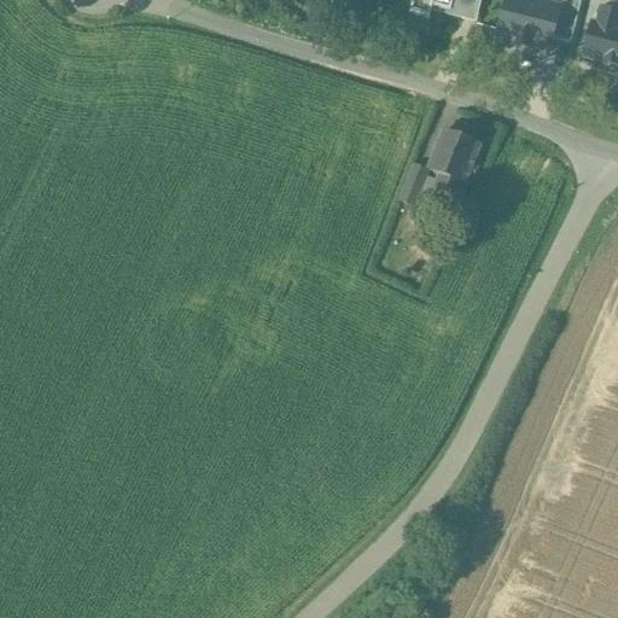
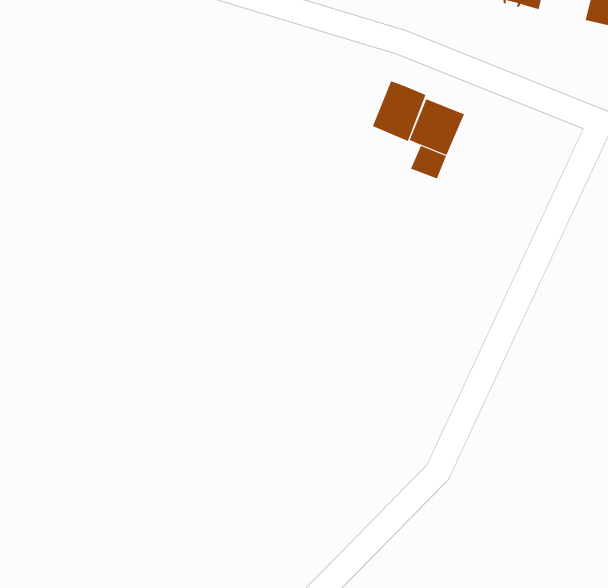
building: none -> [372,80,426,142]

